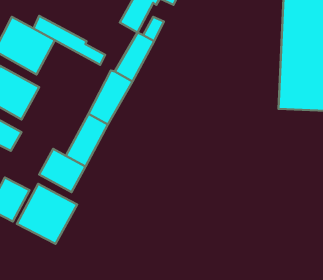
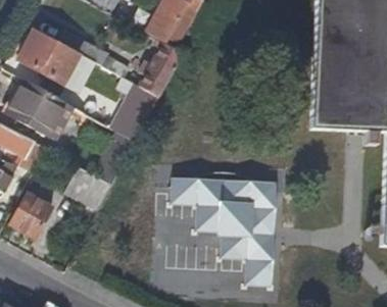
building: none -> [163,176,272,287]
building: [17,184,77,244] -> none

